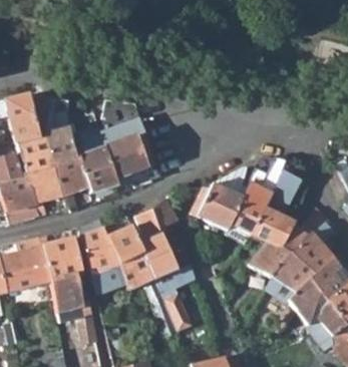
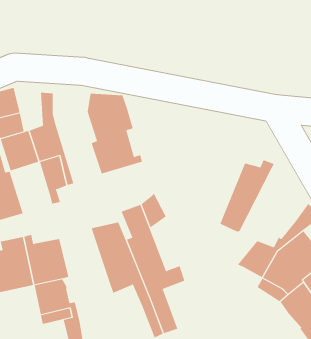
building: [72,125,117,193] -> none
building: [198,160,258,229] -> none
building: [28,165,66,216] -> none
building: [248,171,301,248] -> none
building: [81,218,124,292] -> none

